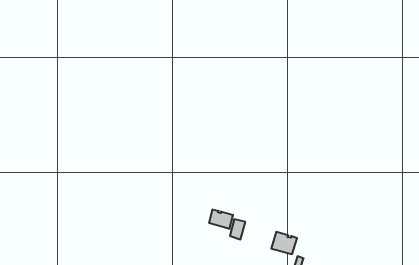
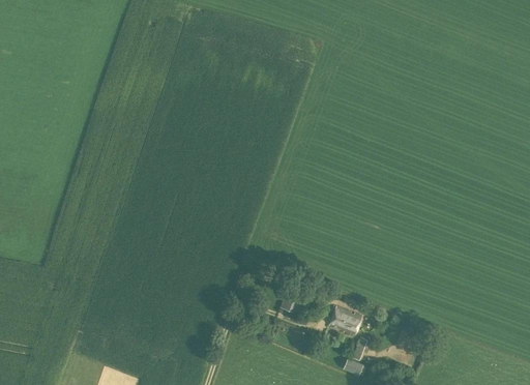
building: [209,209,233,229] -> none

